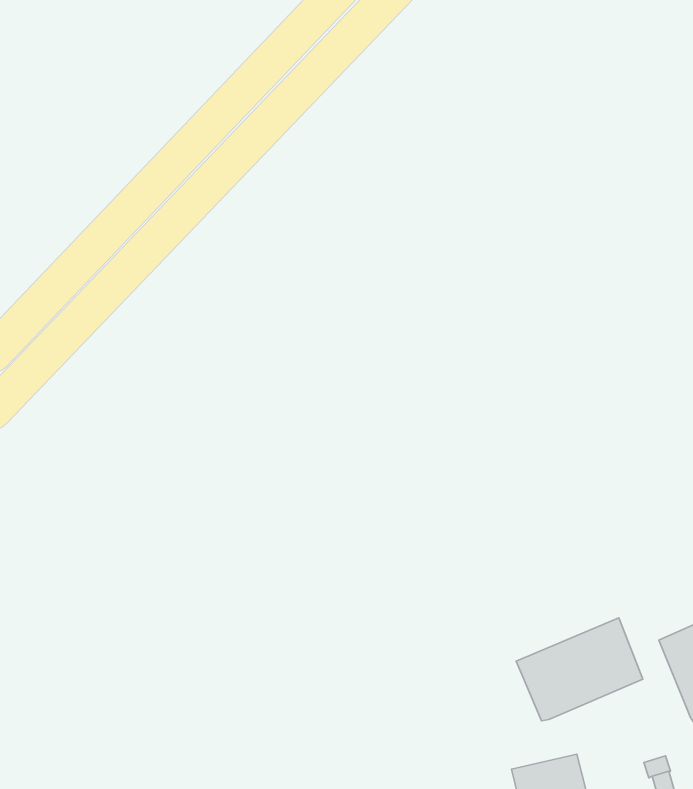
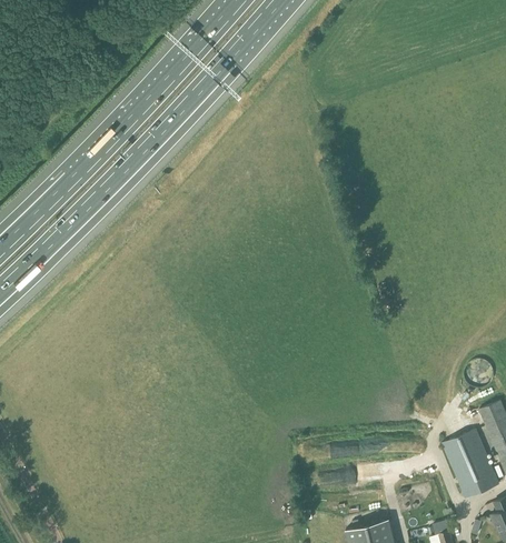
building: [516,618,643,721] -> none

